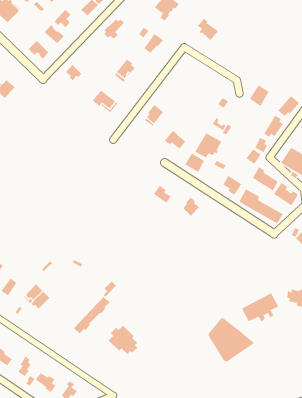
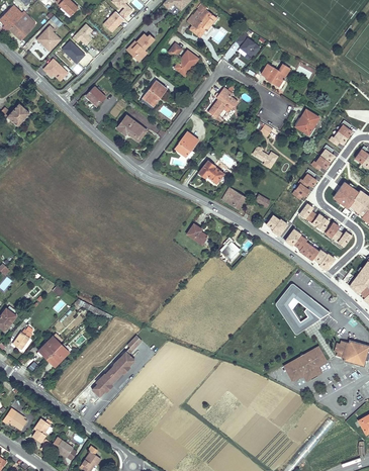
building: none -> [32,25,61,55]
building: none -> [261,64,290,89]
building: none -> [208,85,237,118]
building: [195,133,222,158] -> none
building: [208,318,255,362] -> [276,283,330,334]
building: [108,325,139,355] -> none

